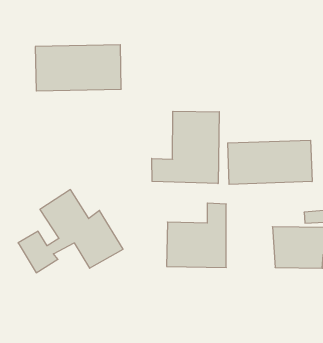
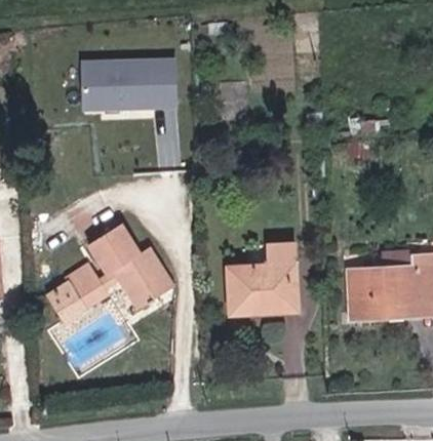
building: [152,111,219,184] -> none
building: [228,140,312,184] -> none

